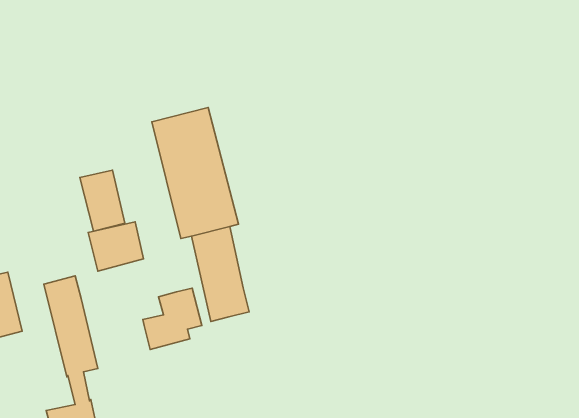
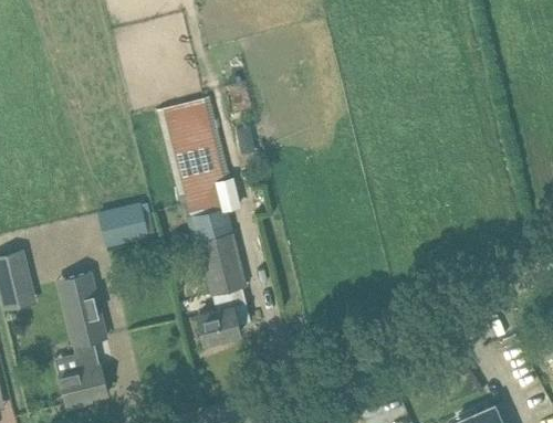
building: [80,170,125,231] -> none
building: [143,288,202,350] -> [196,288,250,345]

